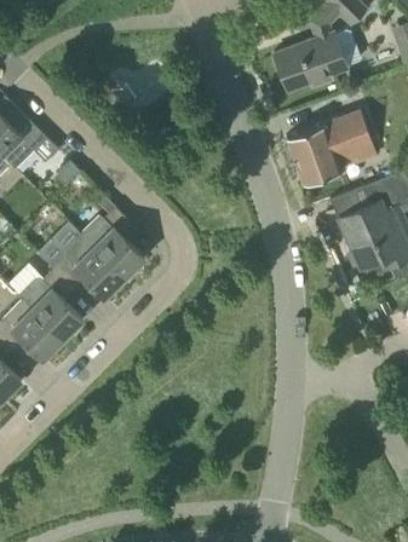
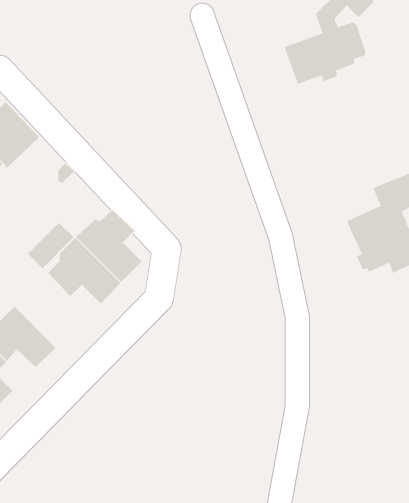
building: [286,111,377,185] -> none
building: [18,269,82,340] -> none

